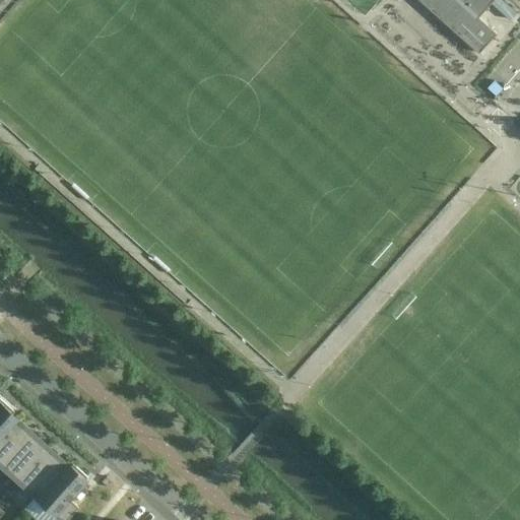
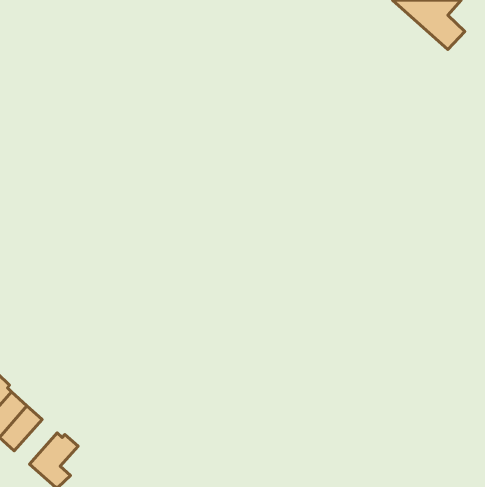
building: [15,447,61,495] -> none

